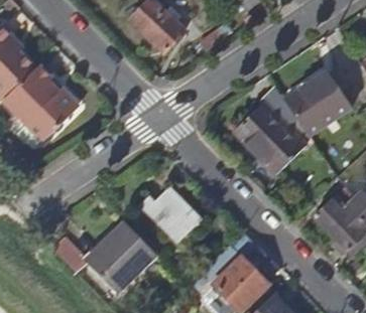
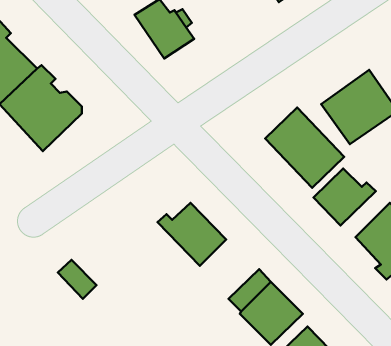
building: none -> [314,168,376,226]
building: [89,220,156,291] -> none

